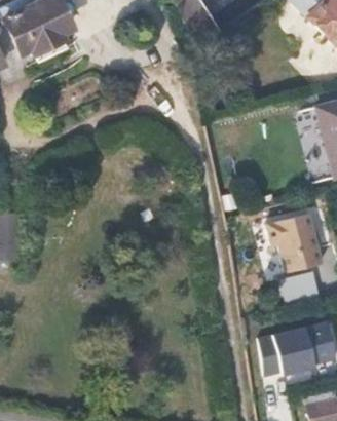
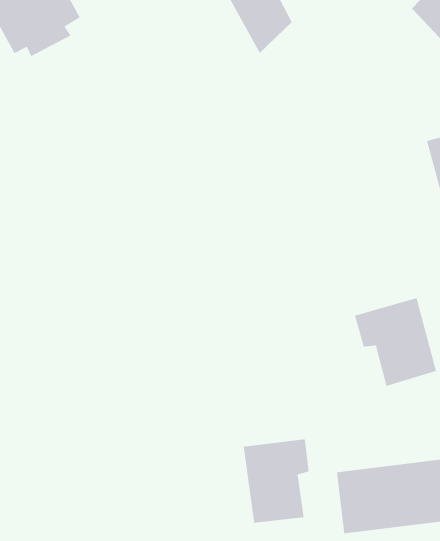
building: [276,269,317,305] -> none
building: none -> [243,439,309,524]

